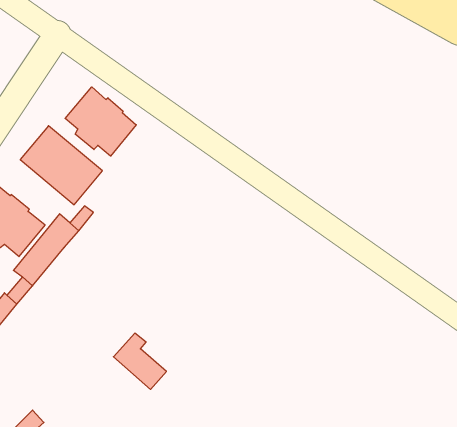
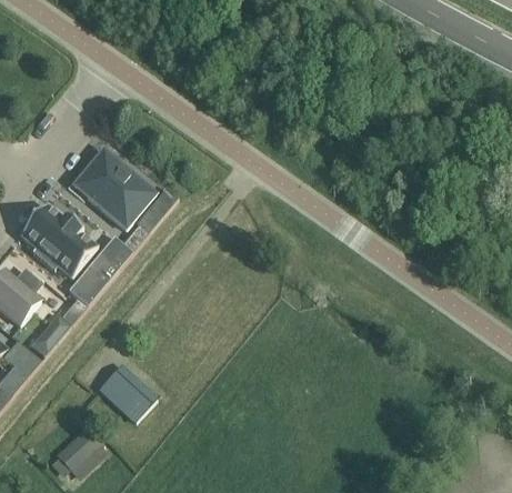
building: [65,87,136,156] -> none
building: [113,333,166,389] -> [98,365,150,421]

